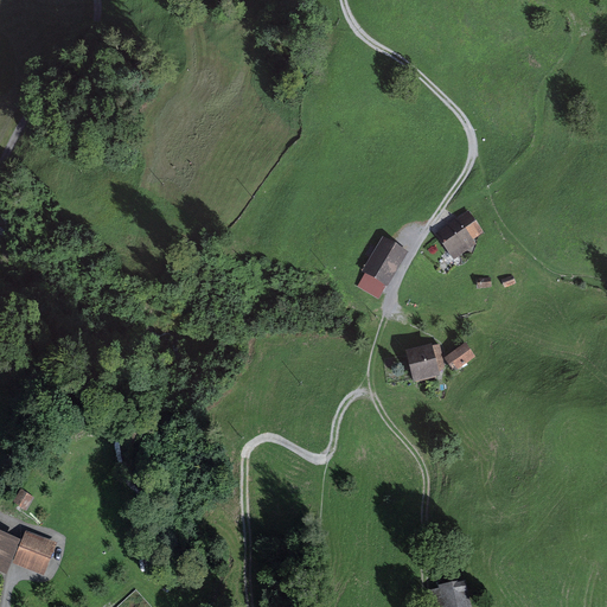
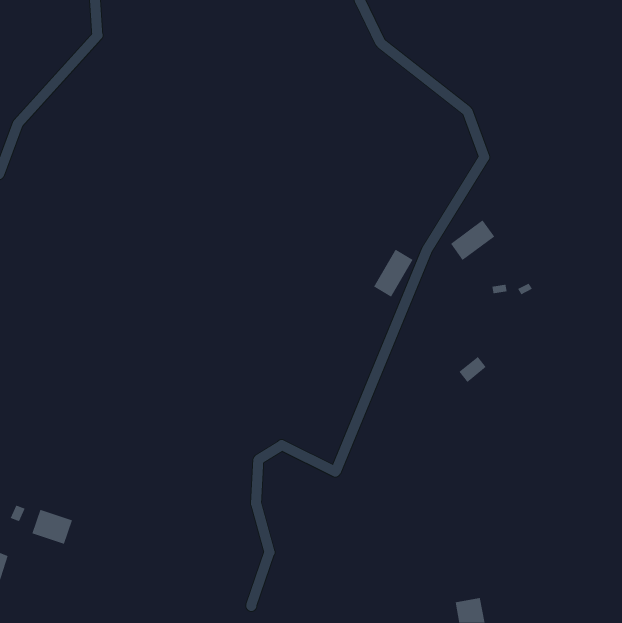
building: [407,350,435,383] -> none
building: [12,535,52,569] -> [31,509,73,545]

